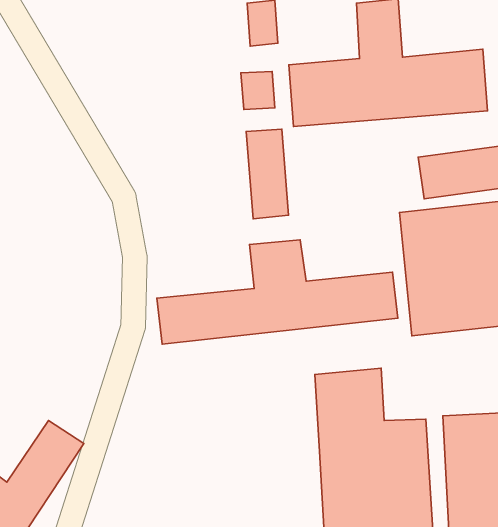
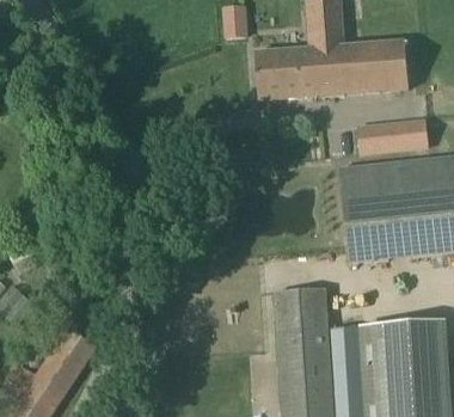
building: [241,71,275,109] -> none
building: [246,129,288,219] -> none
building: [157,240,398,344] -> none

